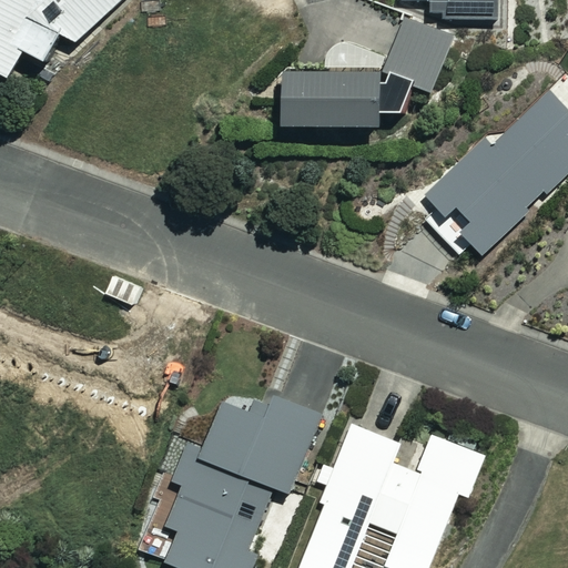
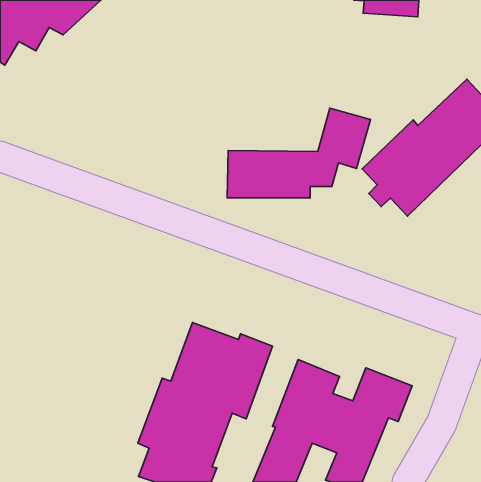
building: [281,19,449,124] -> [227,108,371,198]

